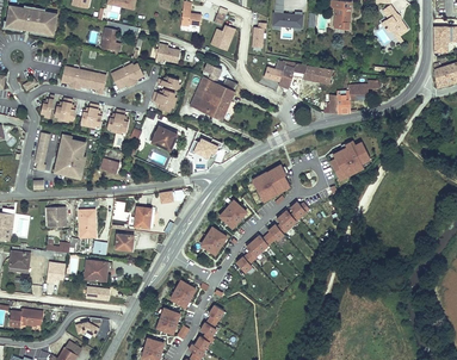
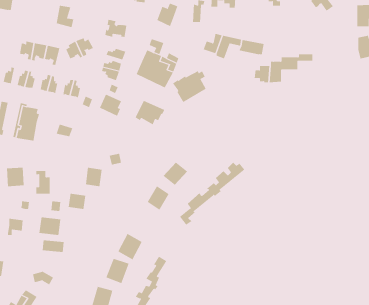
building: [329,139,370,180] -> none
building: [252,166,290,201] -> [172,70,207,103]

